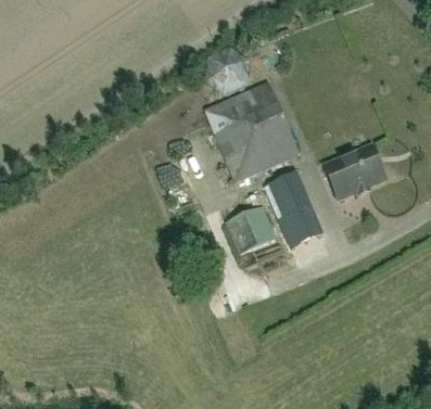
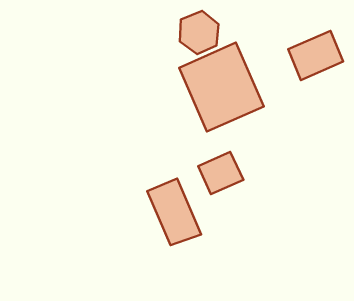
building: [324,143,385,199] -> [288,31,343,80]
building: [263,171,324,246] -> [147,179,201,245]

